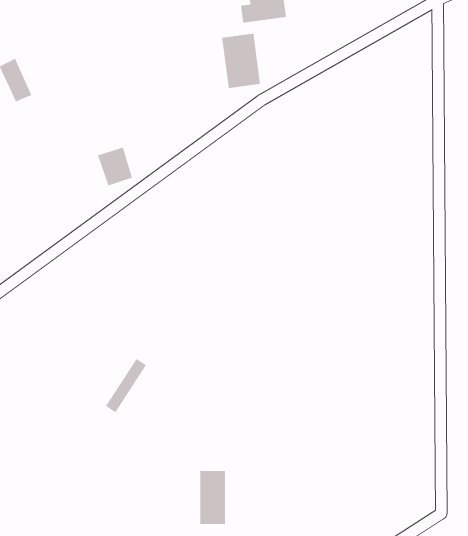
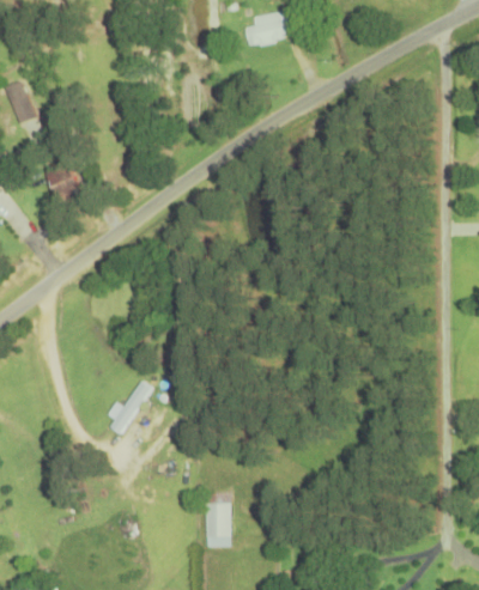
building: [221,33,261,89] -> none
building: [97,147,133,186] -> [43,159,79,199]

